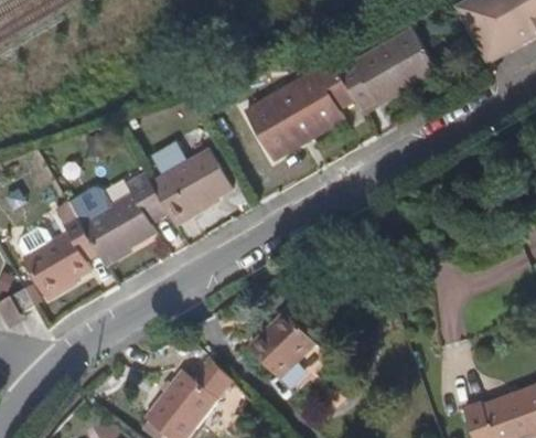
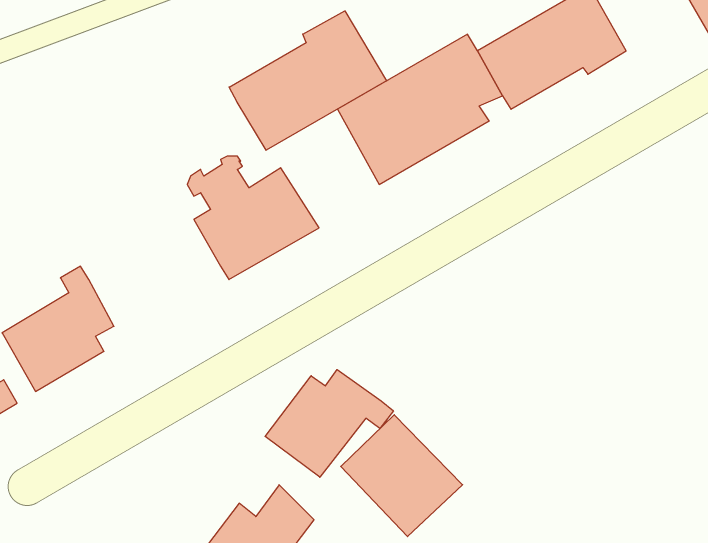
building: none -> [229,11,387,150]
building: [82,172,169,261] -> none
building: none -> [265,370,393,477]

